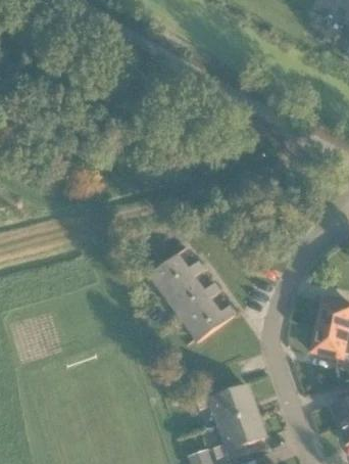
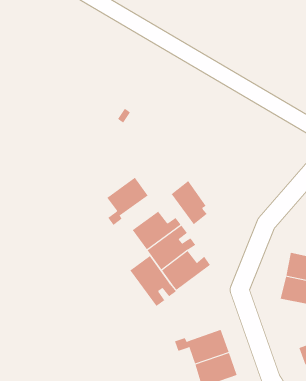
building: none -> [106,177,148,226]
building: none -> [171,180,208,225]
building: none -> [129,255,177,307]

